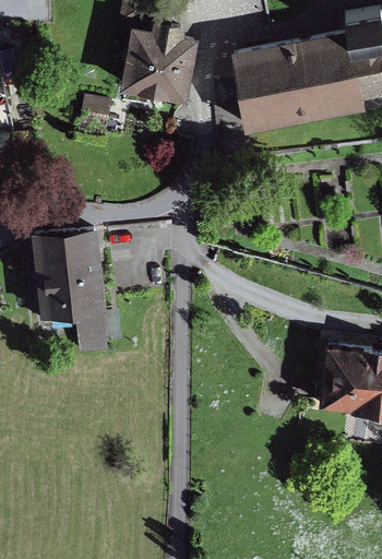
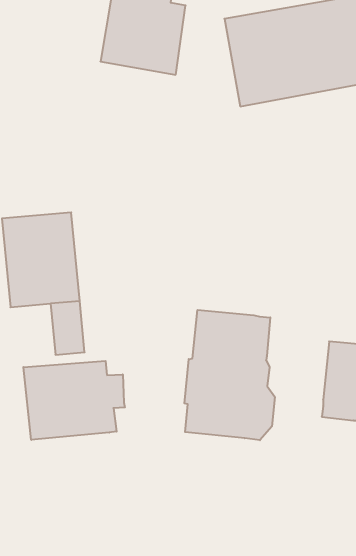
building: none -> [184,310,275,440]
building: none -> [23,361,125,440]

